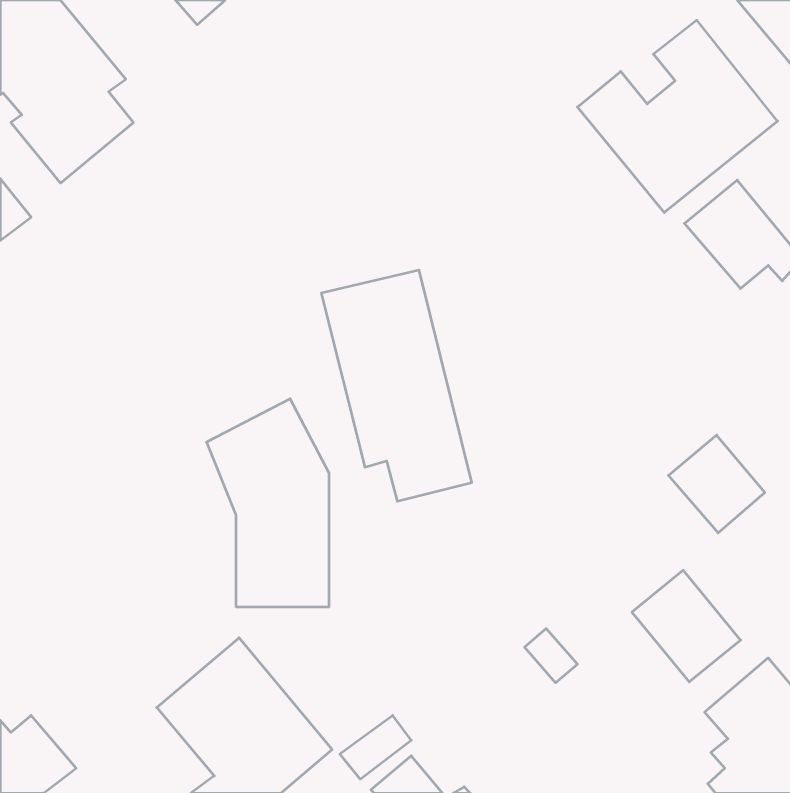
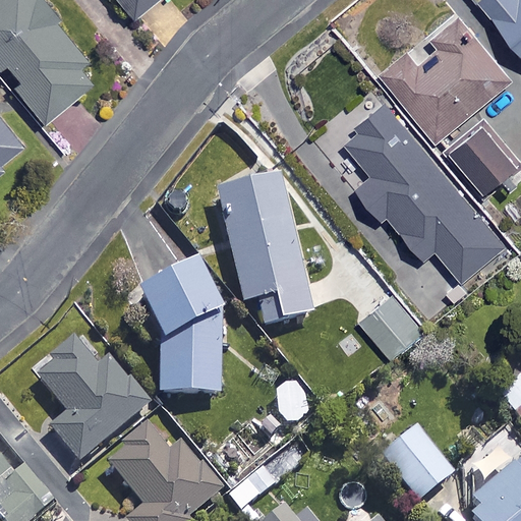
building: none -> [346,100,507,281]
building: [668,435,765,533] -> [361,294,424,358]
building: none -> [35,345,147,465]
building: [632,570,741,682] -> [380,429,451,503]

